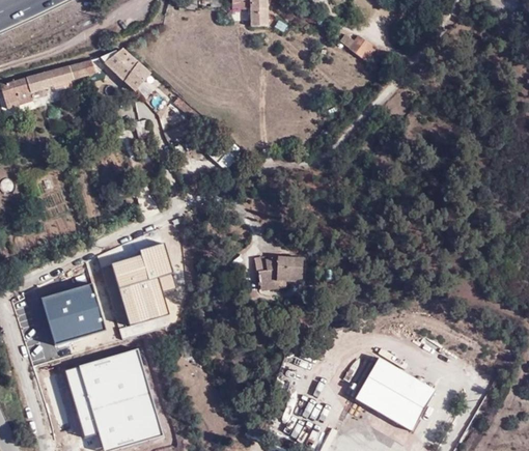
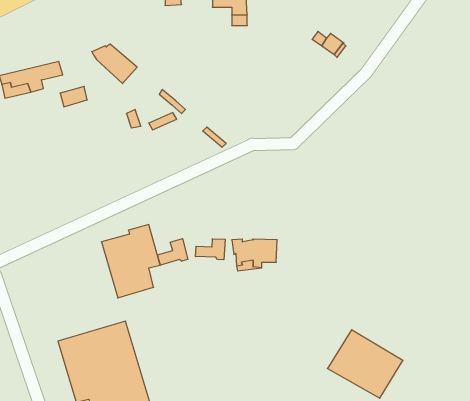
building: [66,60,95,82] -> [60,86,87,107]
building: none -> [157,239,188,265]
building: none -> [196,239,225,260]
building: [43,281,105,341] -> none

